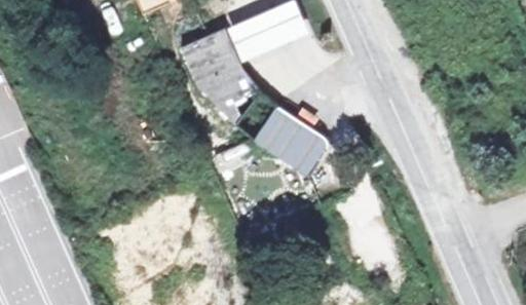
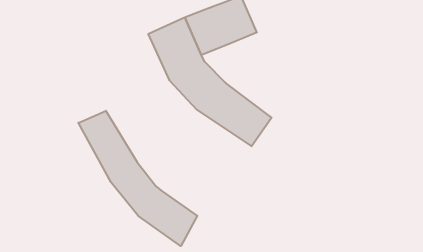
building: none -> [78,111,197,246]

